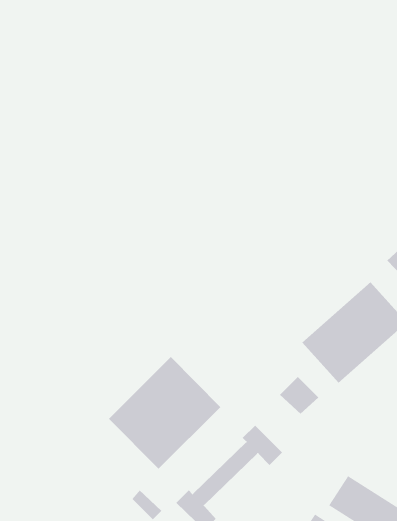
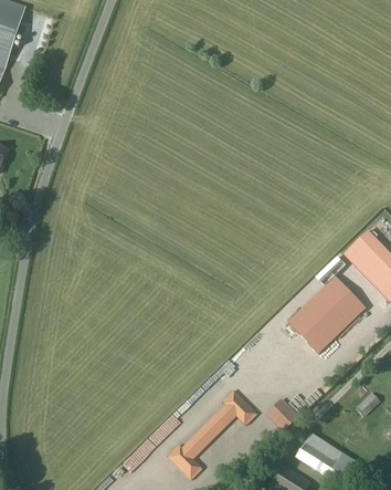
building: [108,356,221,470] -> none
building: [279,376,319,415] -> [265,399,298,431]

